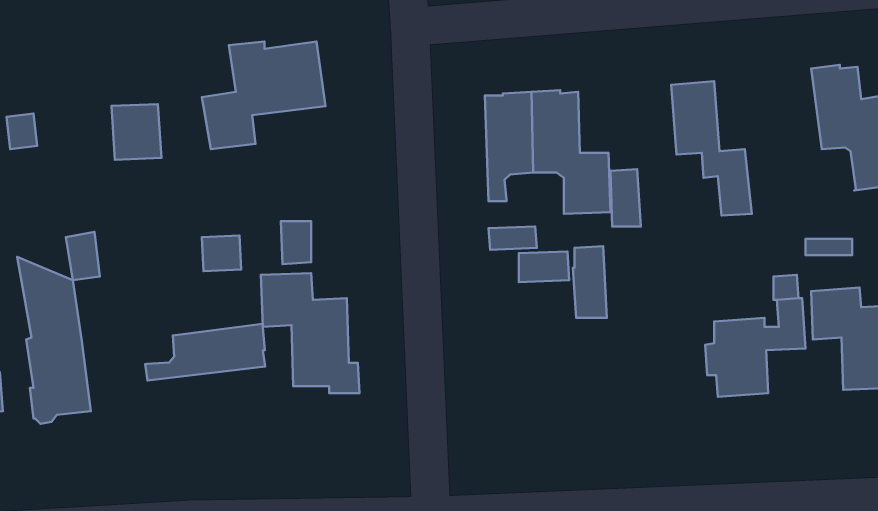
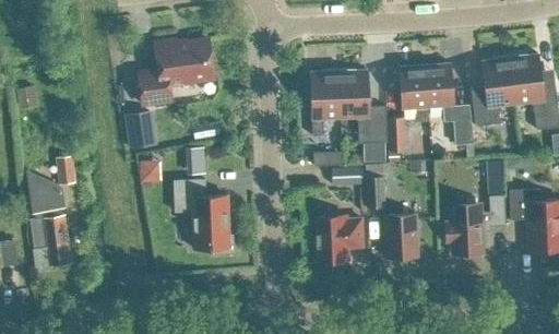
building: none -> [471,56,516,127]
building: none -> [400,65,429,122]
building: [111,104,162,160] -> [127,108,157,142]
building: [145,324,265,380] -> none
building: none -> [384,214,418,258]
building: none -> [313,216,364,261]

